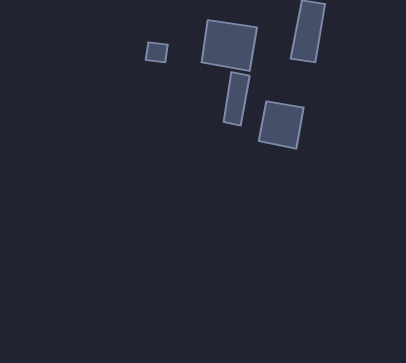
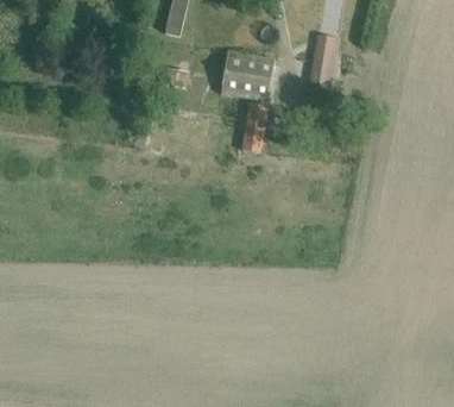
building: [259,101,304,149] -> none

